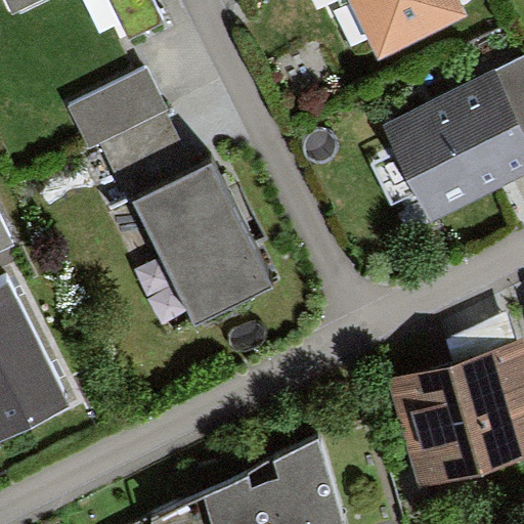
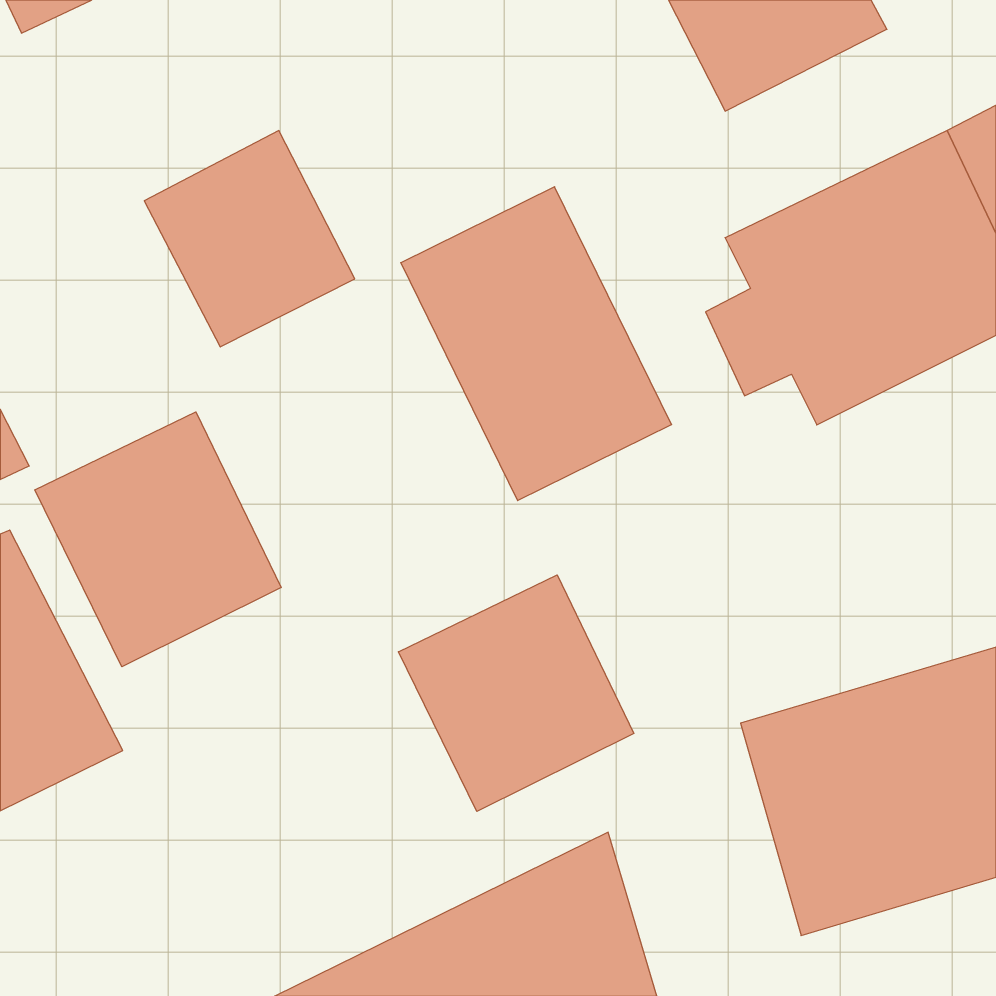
building: [133,163,275,328] -> [401,187,672,501]
building: none -> [35,412,281,667]
building: none -> [398,575,634,811]

